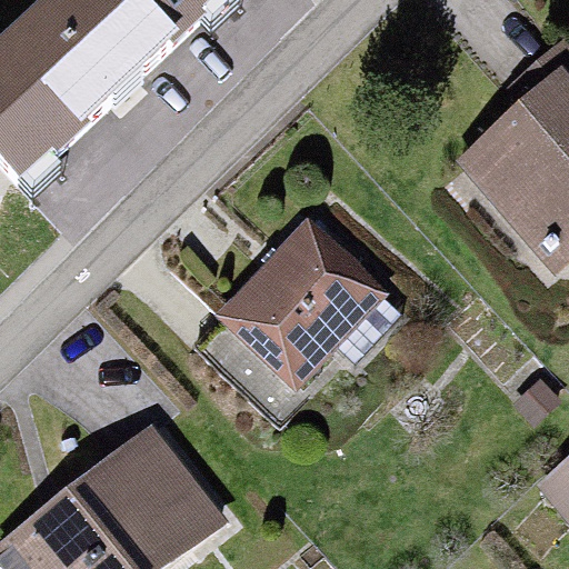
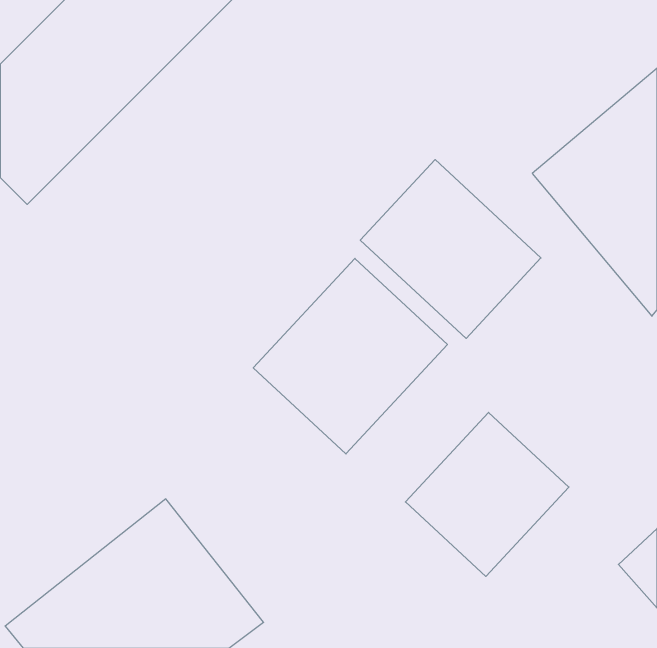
building: none -> [360,160,541,338]
building: none -> [405,412,569,576]

